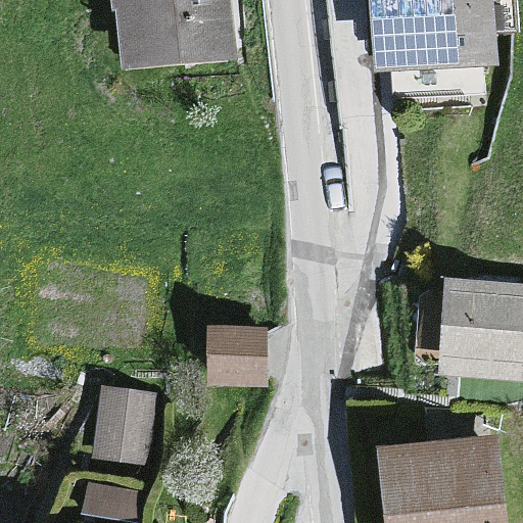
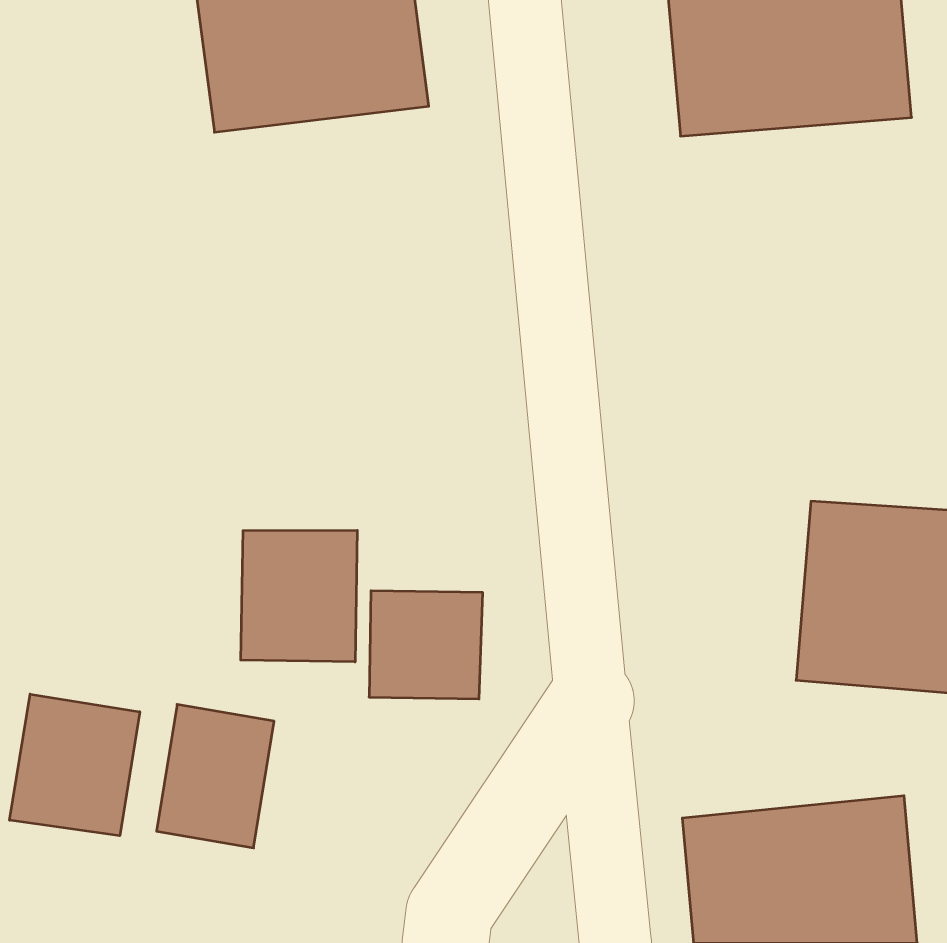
building: none -> [241,530,357,662]
building: none -> [10,694,140,836]

